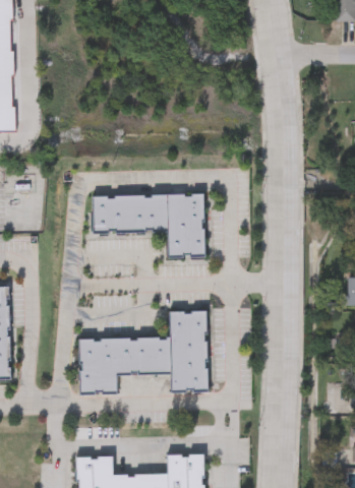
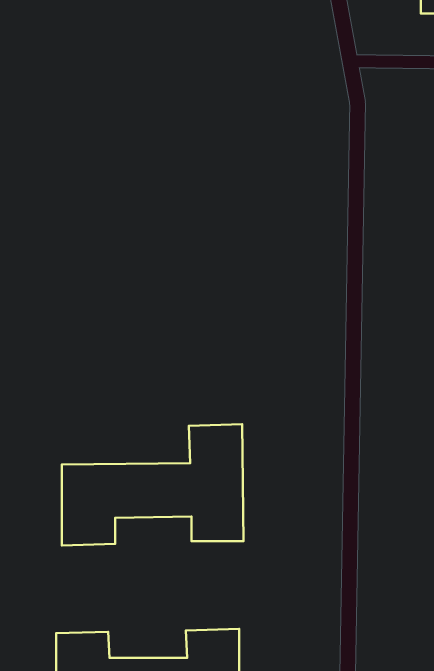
building: [92,194,204,258] -> none

